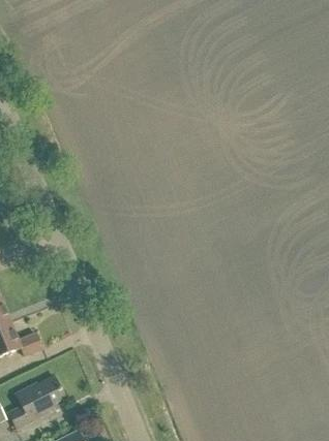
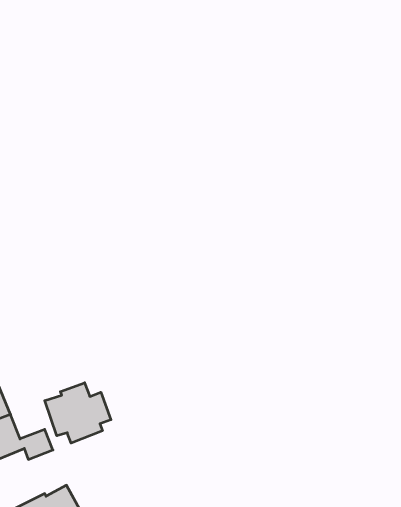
building: none -> [45,383,111,443]

